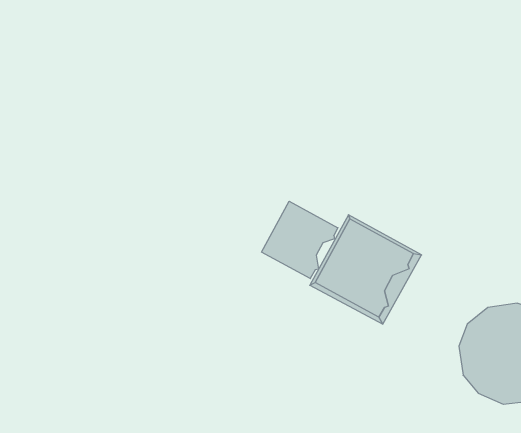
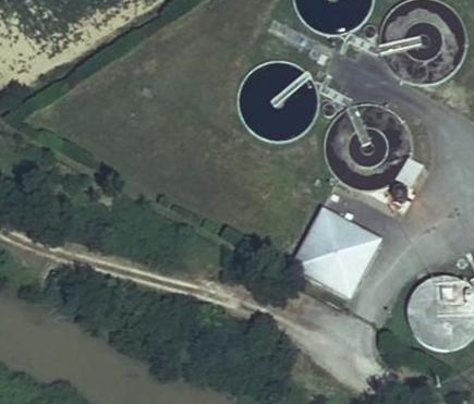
building: [262,201,338,279] -> none

